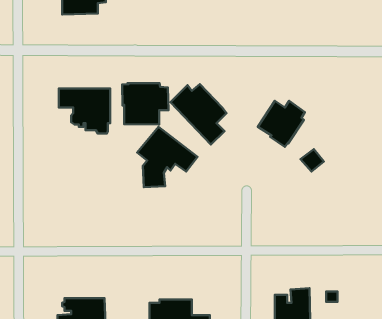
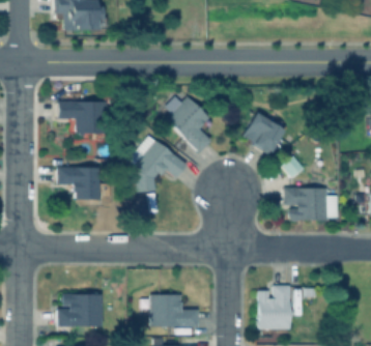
building: [122,83,168,124] -> none
building: none -> [57,167,99,199]
building: none -> [284,188,337,220]

